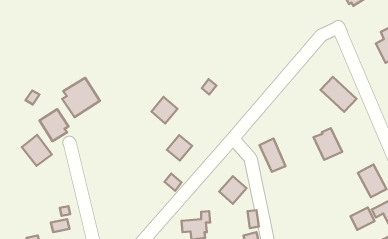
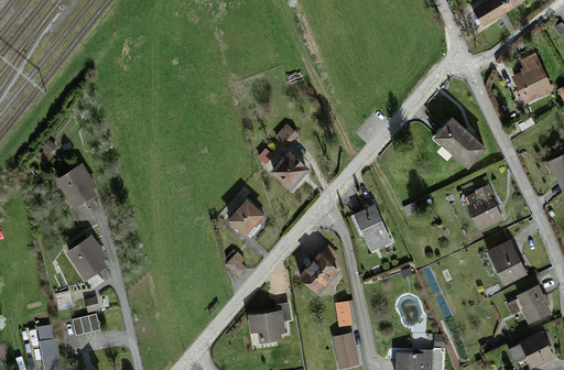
building: [62,78,100,117] -> none
building: [151,97,177,124] -> [272,153,307,189]
building: [314,128,342,160] -> [464,185,502,228]
building: [22,135,52,166] -> [66,237,107,279]
building: [350,208,375,230] -> none

